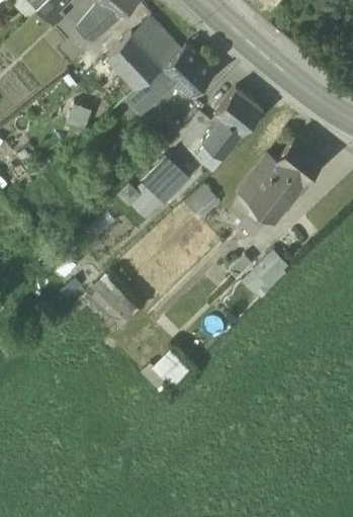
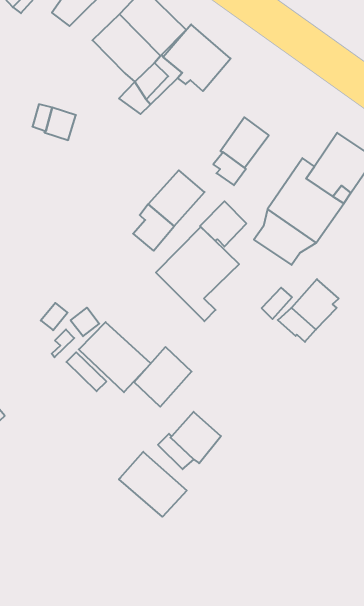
building: [214,88,261,135] -> none
building: none -> [156,227,239,321]
building: none -> [134,347,192,407]
building: none -> [119,452,187,517]

